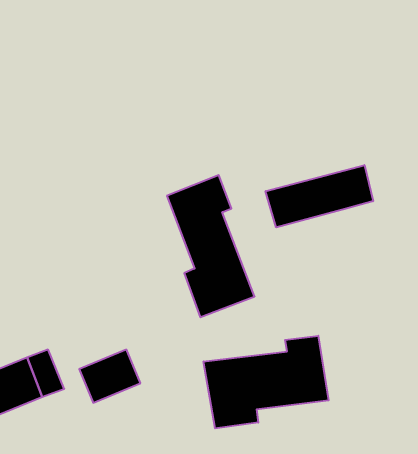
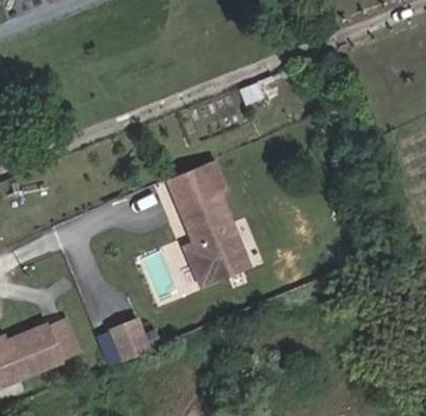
building: [266,165,373,227] -> none
building: [204,336,329,428] -> none

